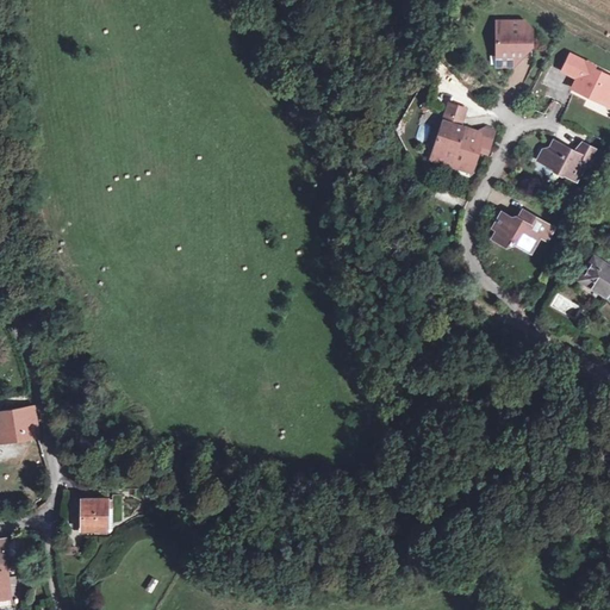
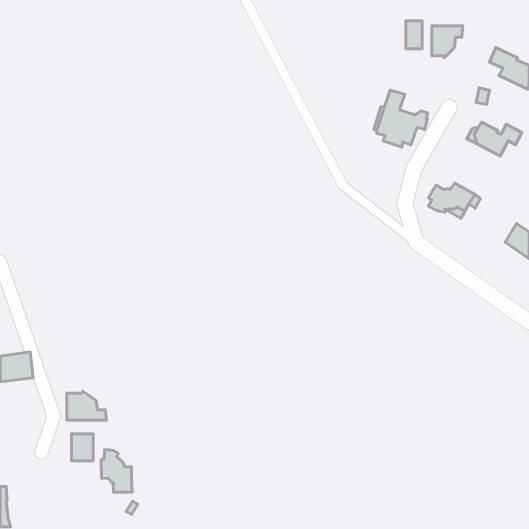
building: none -> [406,21,422,49]
building: none -> [67,391,107,420]
building: none -> [101,450,132,492]

